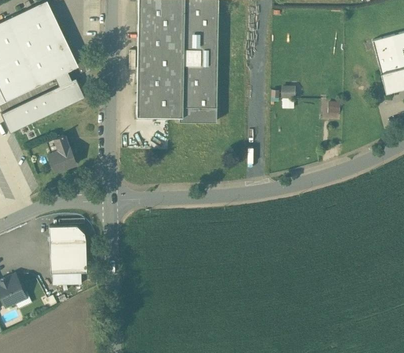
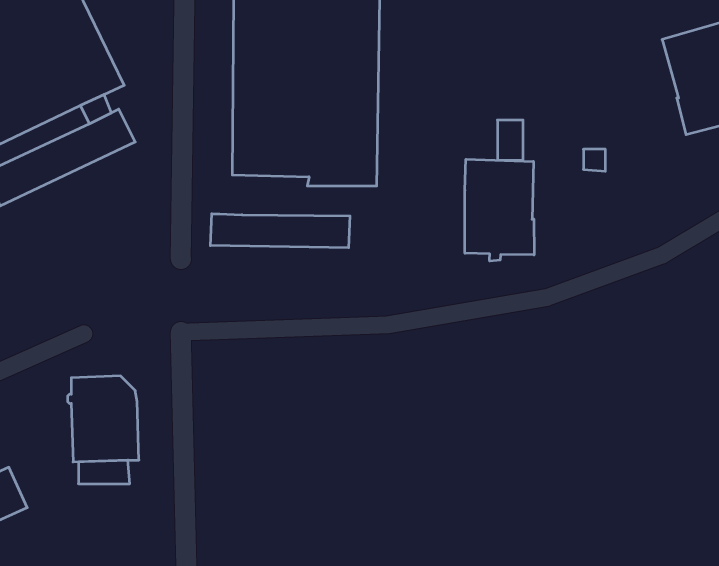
building: none -> [465,159,534,261]
building: [47,137,76,173] -> none
building: none -> [210,214,350,248]

